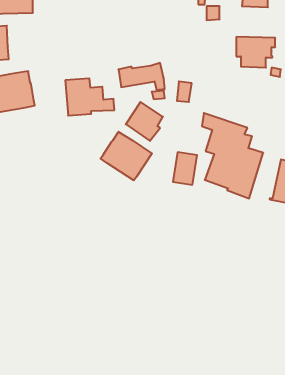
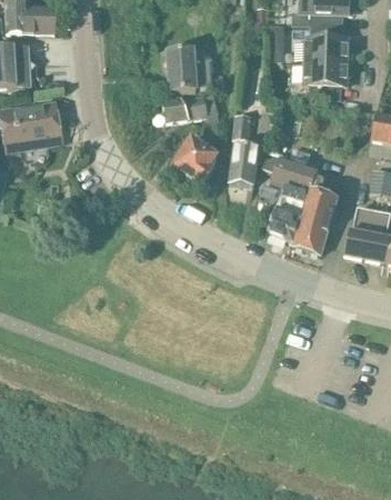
building: none -> [304,23,351,61]
building: [65,78,114,116] -> [166,47,224,91]
building: [101,132,152,180] -> none
building: [173,152,197,185] -> [229,144,258,183]

